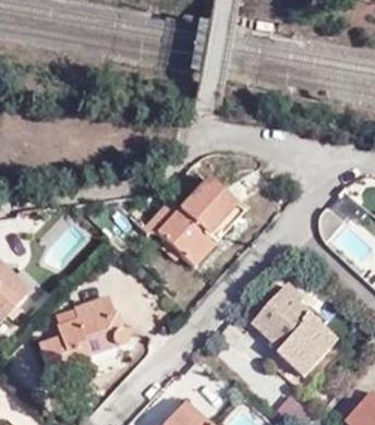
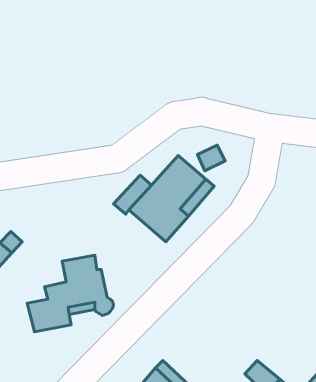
building: [253,284,336,375] -> none

